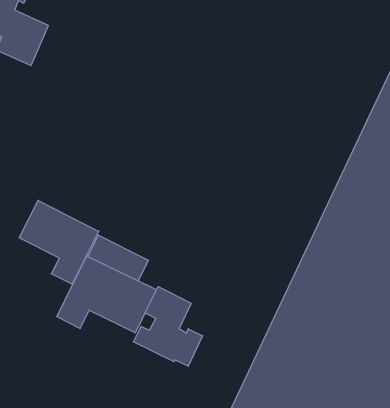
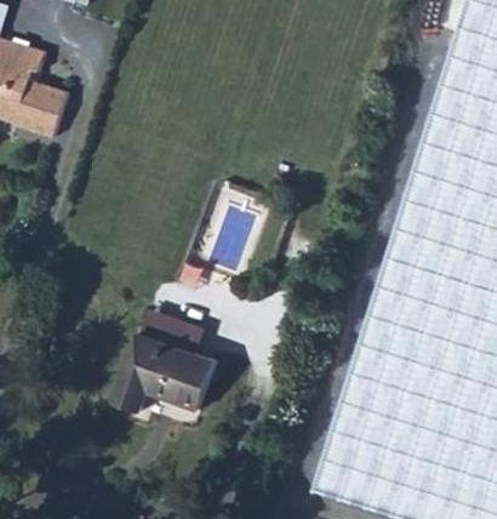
building: [19,200,99,284] -> none
building: [134,287,203,366] -> none

